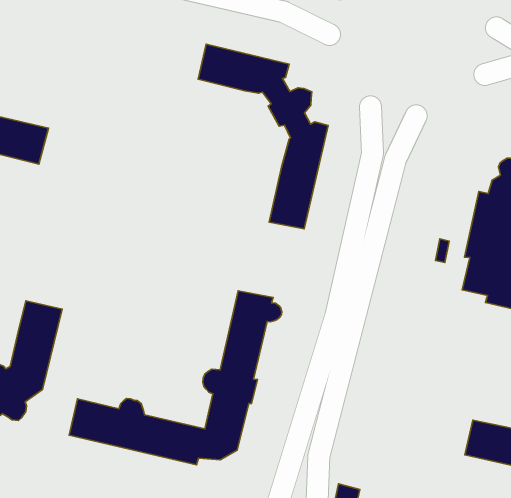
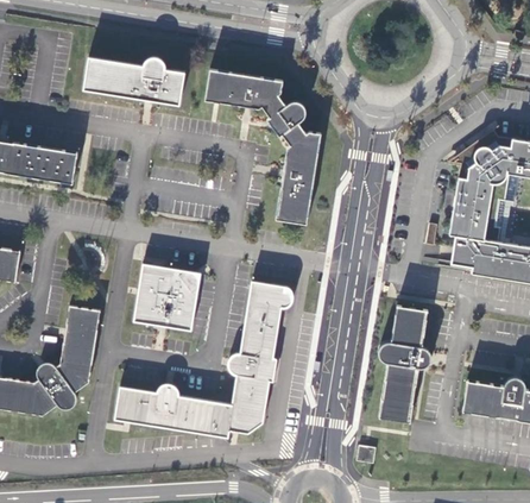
building: none -> [83,57,184,103]
building: none -> [134,264,200,328]
building: none -> [378,304,430,421]

